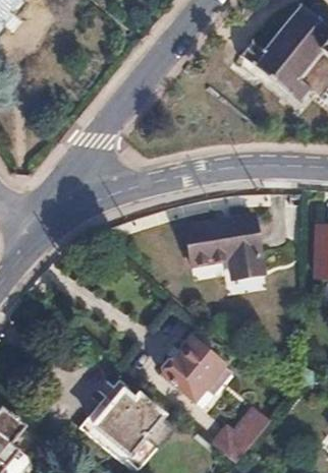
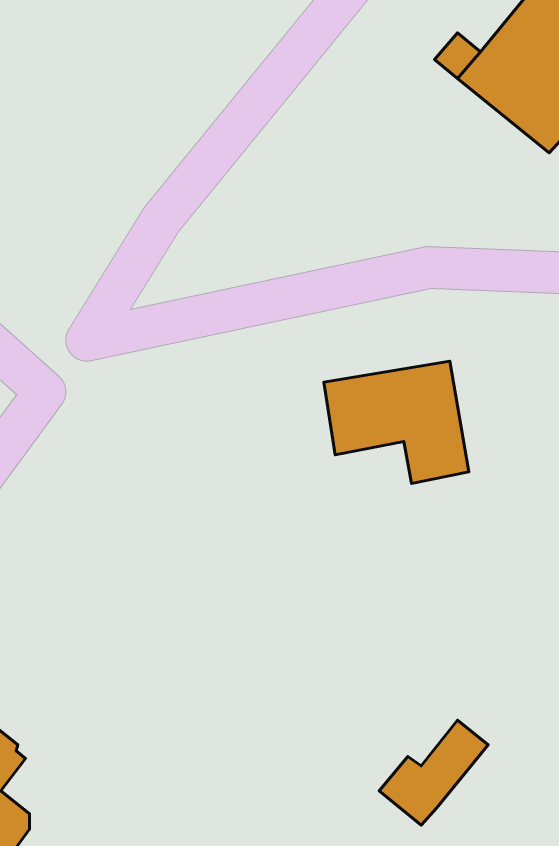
building: [162,338,223,400] -> none
building: [80,394,156,455] -> none

